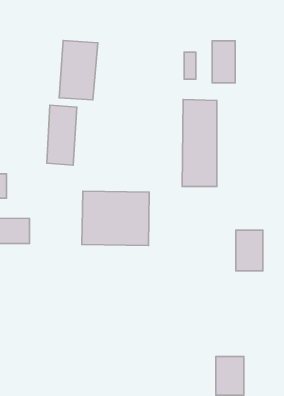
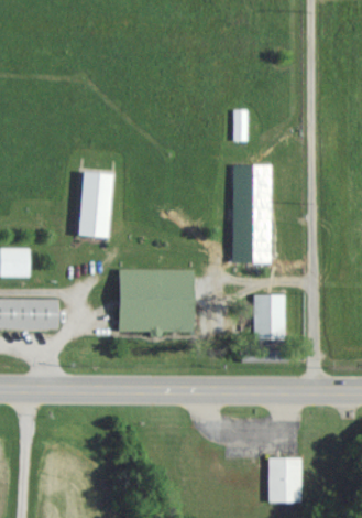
building: [59,41,98,100] -> none
building: [212,41,235,83] -> none
building: [236,230,263,271] -> [254,294,285,341]

